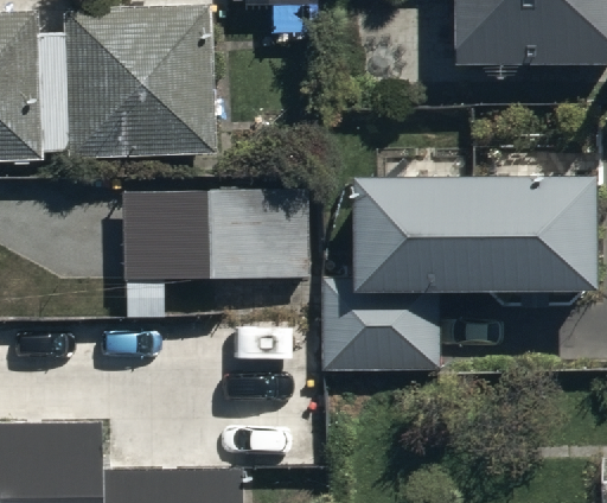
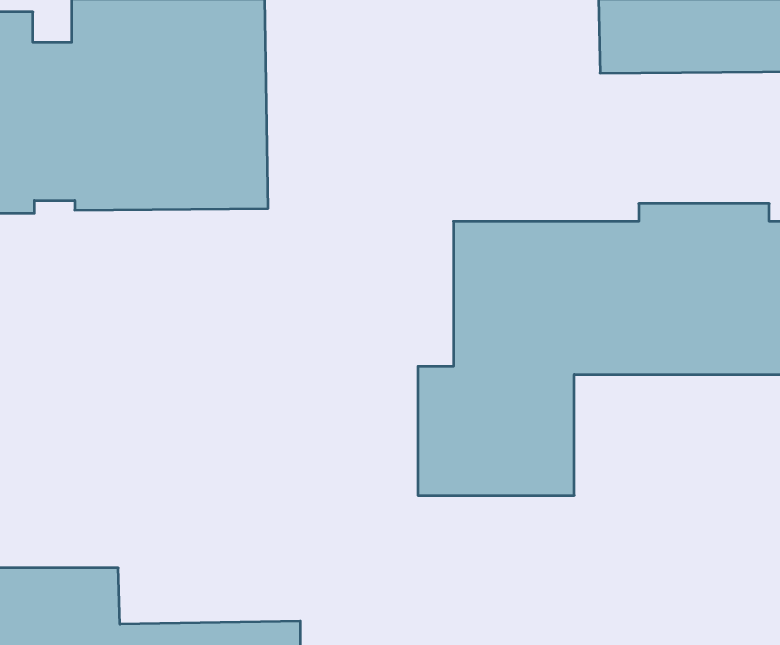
building: [123,190,308,321] -> none

